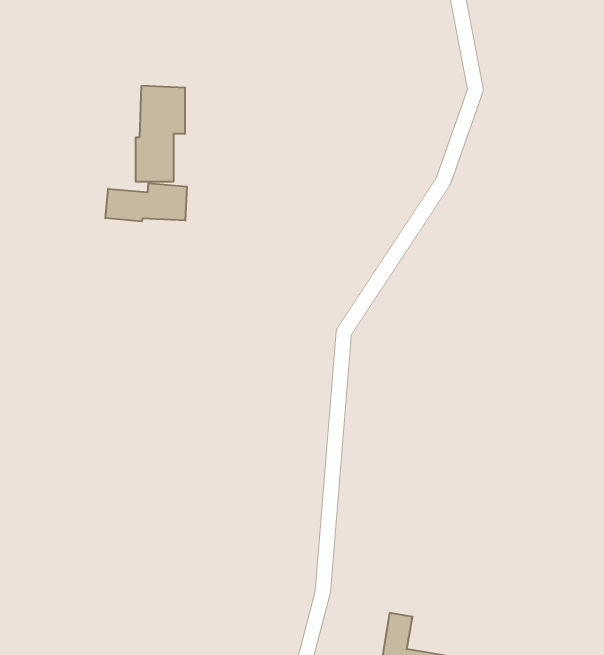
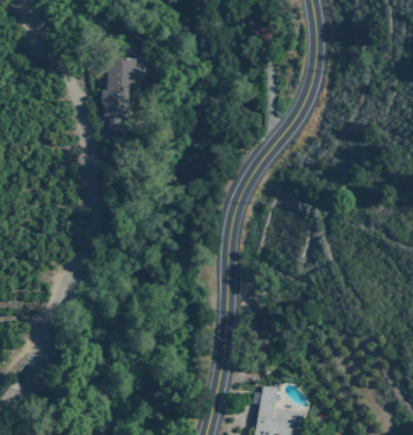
building: [105,183,187,221] -> none

